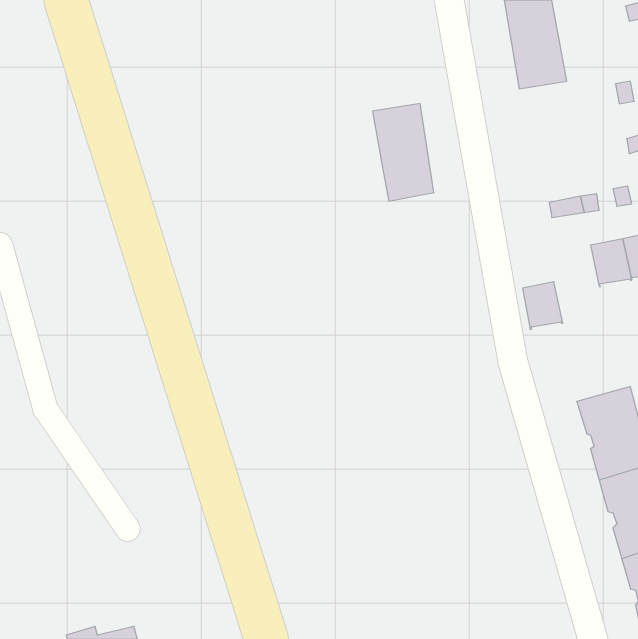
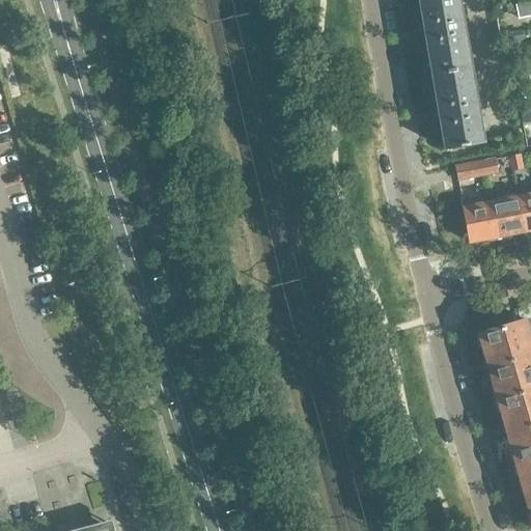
building: [373,104,434,201] -> [431,67,482,148]
building: [523,282,563,329] -> [465,203,498,243]

